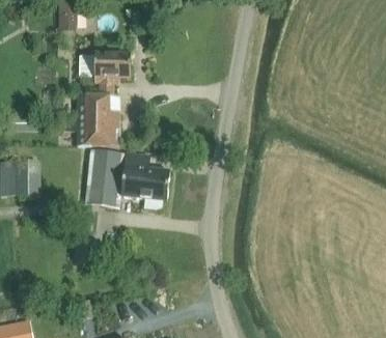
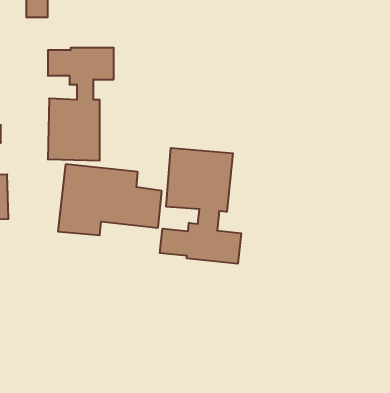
building: none -> [160,148,241,264]

